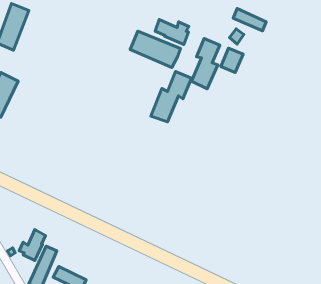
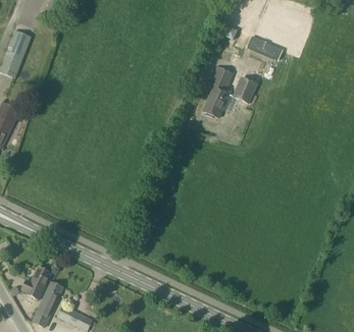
building: [155,19,189,44] -> none
building: [130,31,180,68] -> none
building: [151,72,191,122] -> none

